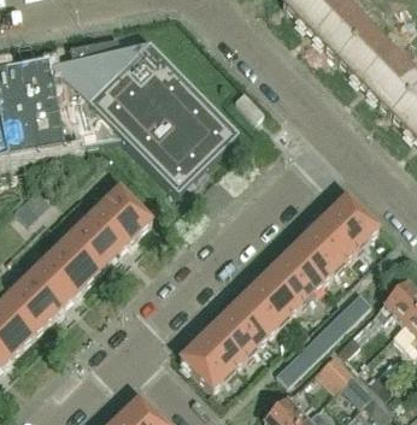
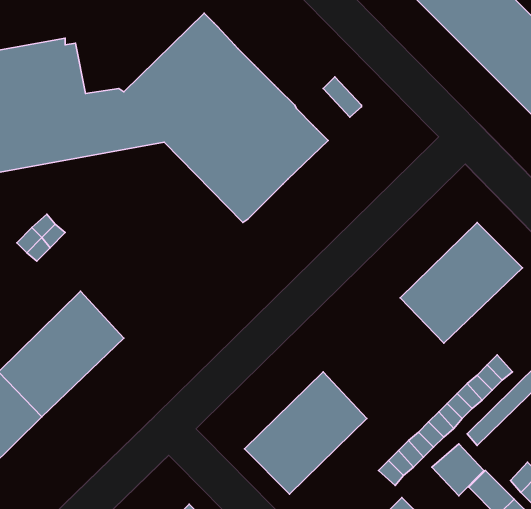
building: [51,42,151,100] -> none
building: [61,185,153,276] -> none
building: [236,247,323,333] -> none

